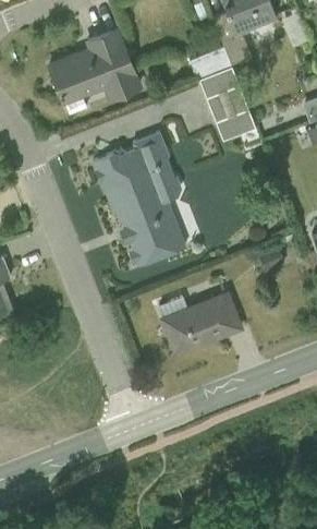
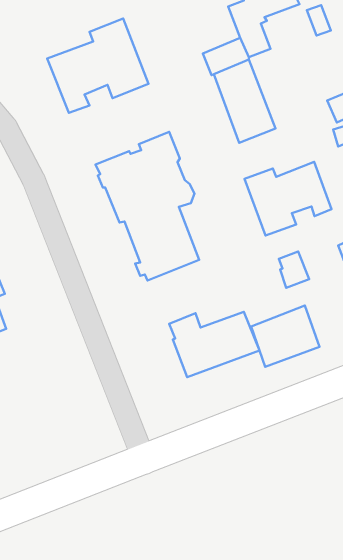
building: none -> [245,162,331,235]
building: none -> [251,305,320,367]

